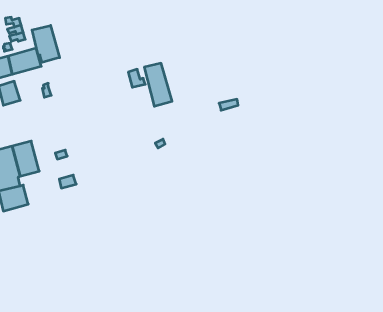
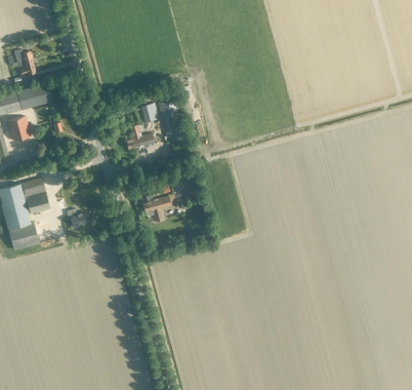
building: [32,25,60,62] -> none
building: none -> [126,124,155,150]
building: none -> [142,196,171,222]

